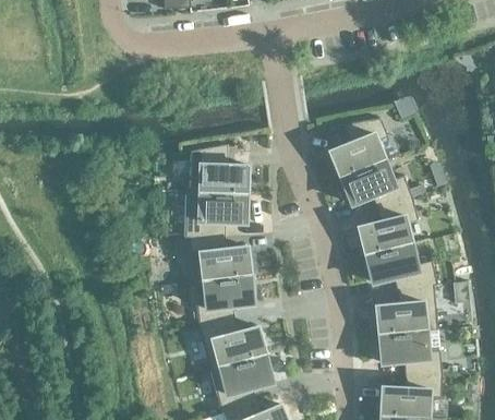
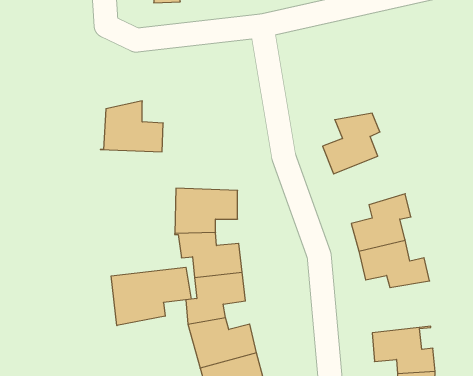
building: [184,144,246,194] -> [100,101,163,152]
building: [340,160,411,208] -> none
building: none -> [111,267,191,326]
building: [375,284,436,335] -> none

